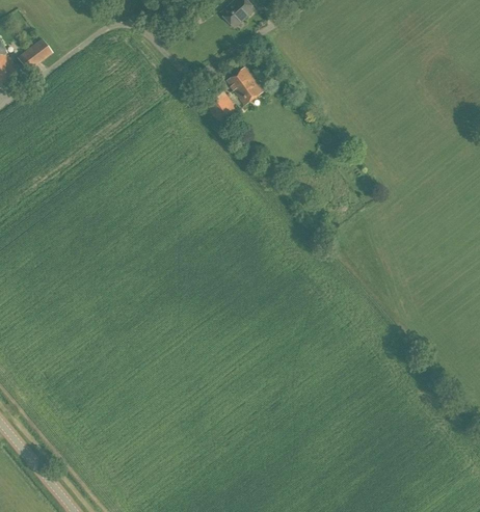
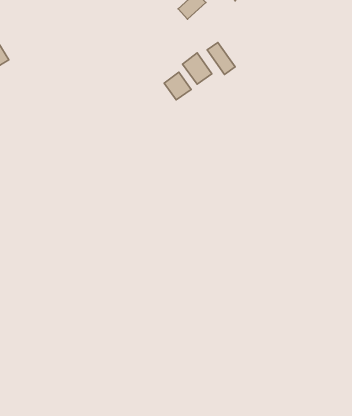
building: [18,37,52,70] -> none
building: none -> [207,43,235,74]

